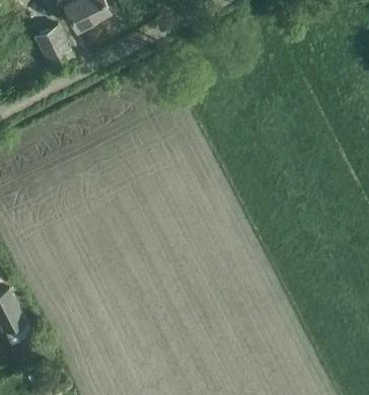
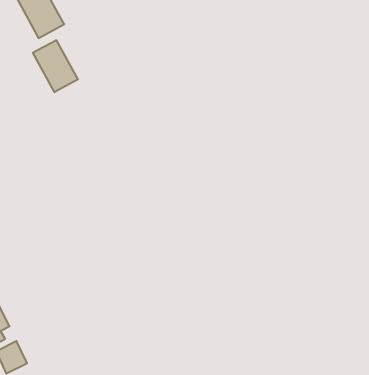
building: none -> [33,40,78,92]

